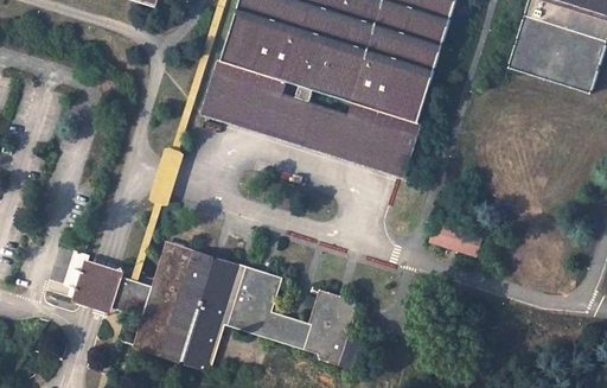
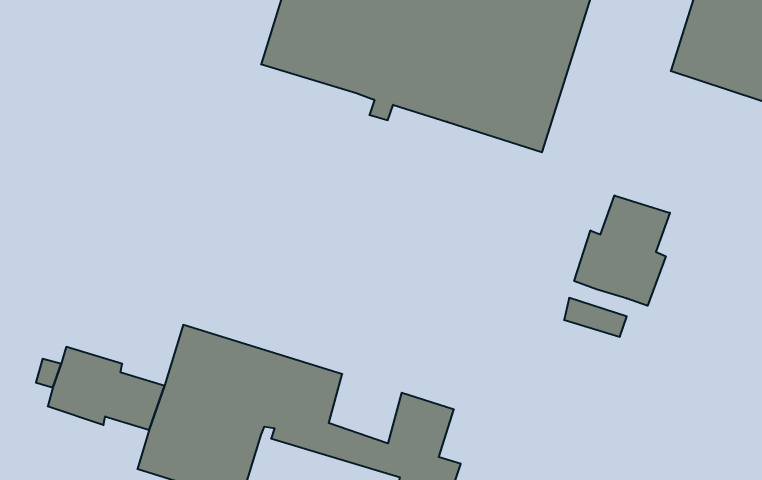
building: [204,62,417,174] -> none
building: none -> [574,195,670,306]

